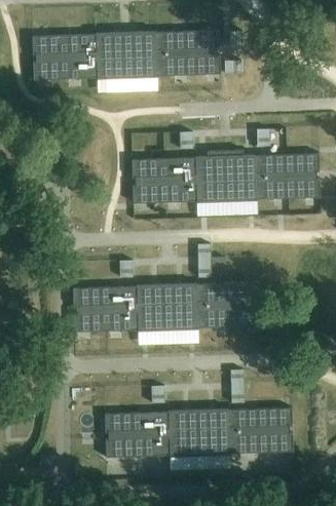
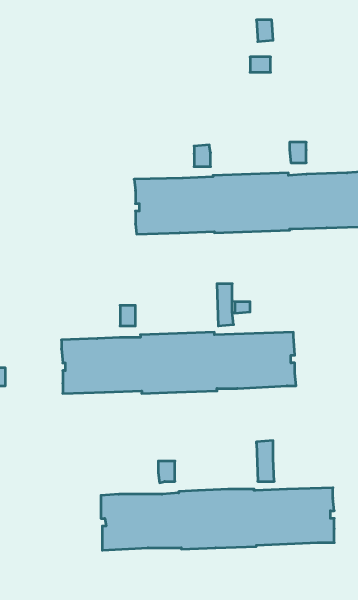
building: [31,30,220,80] -> none

